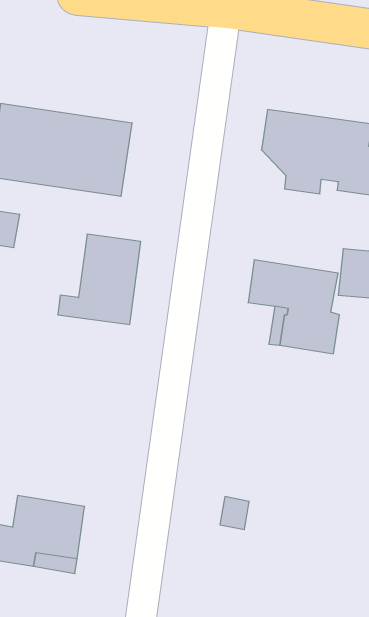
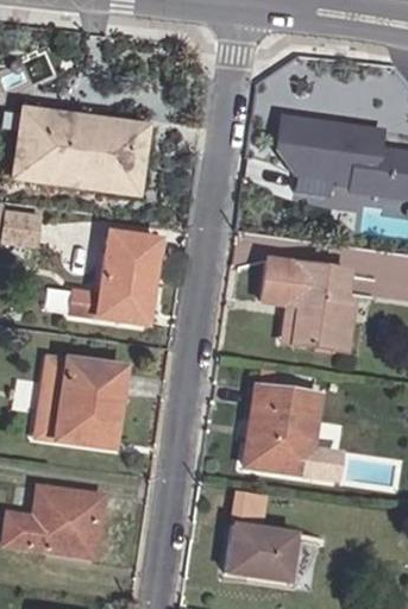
building: none -> [39,353,127,448]
building: none -> [243,387,345,485]
building: none -> [226,519,299,579]

